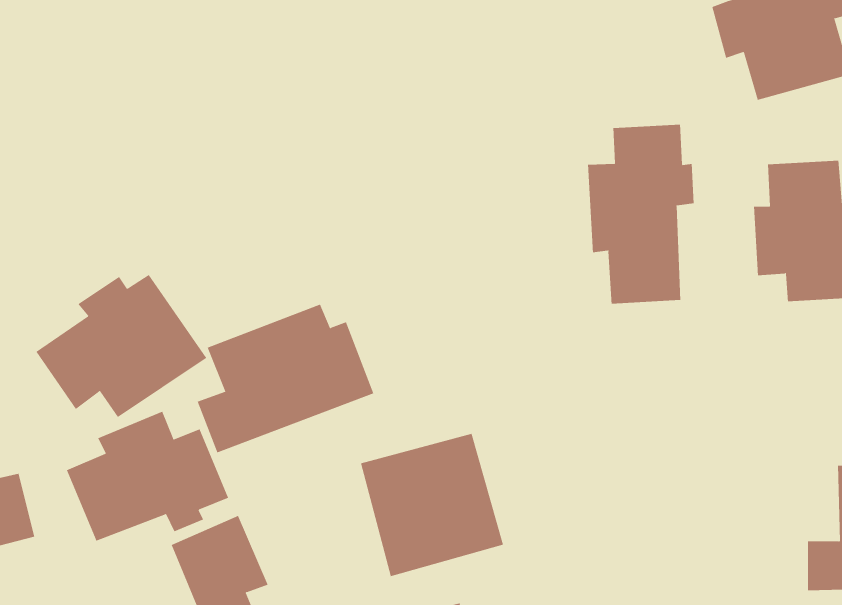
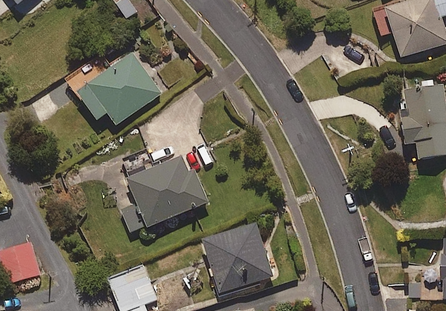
building: [587,124,694,304] -> none
building: [36,274,207,418] -> [75,51,161,123]
building: [66,411,229,542] -> none

